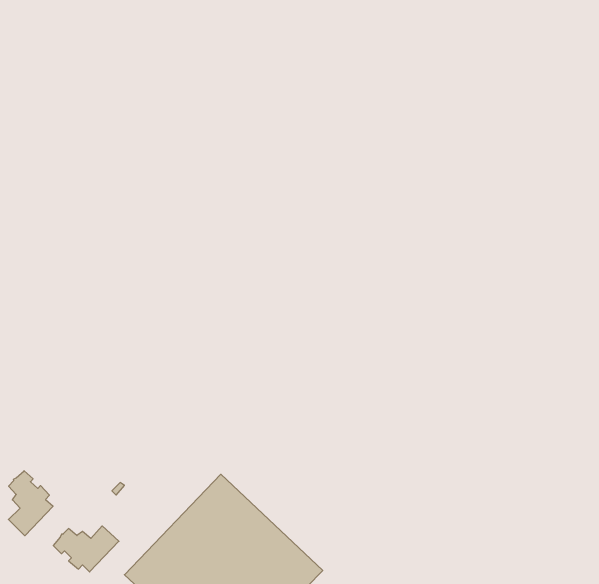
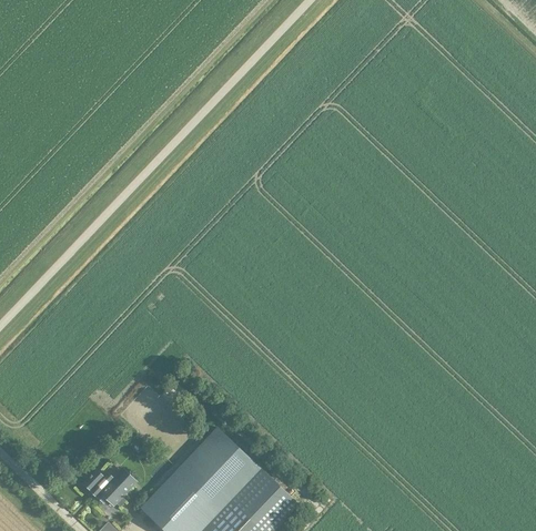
building: [8,471,53,536] -> none

